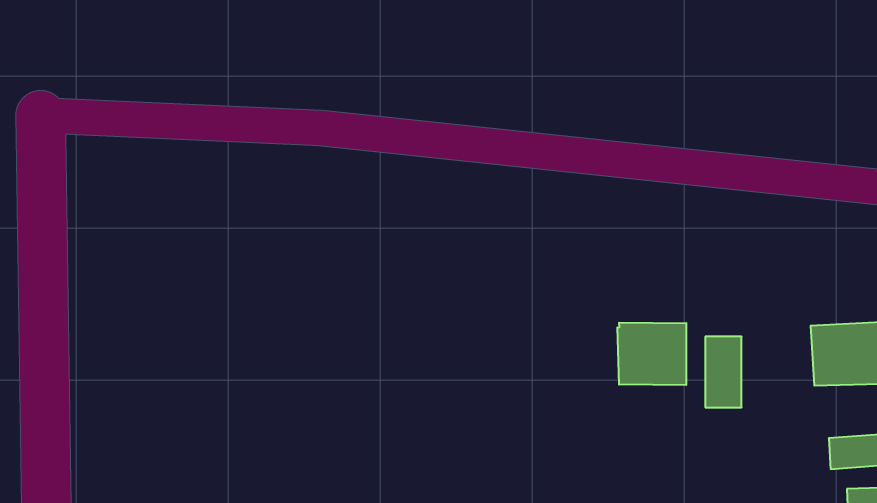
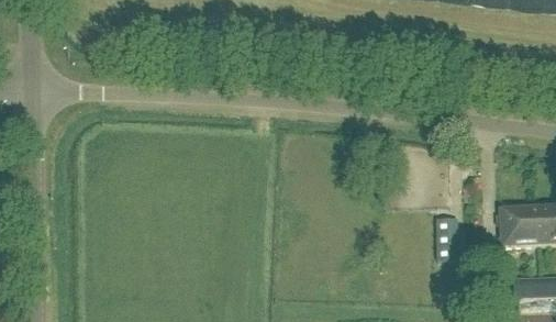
building: [617,323,686,385] -> none

